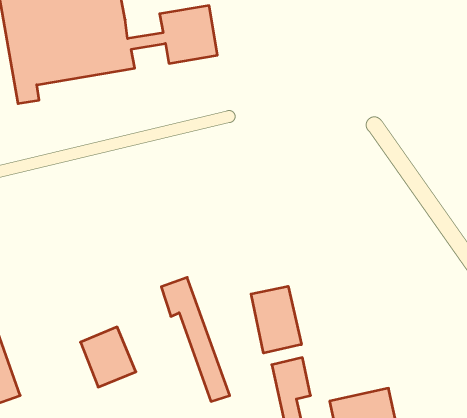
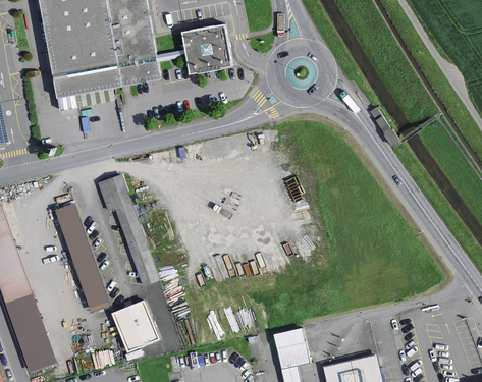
building: none -> [54,203,109,312]
building: [161,277,230,401] -> [100,175,159,282]
building: [251,286,301,353] -> none

